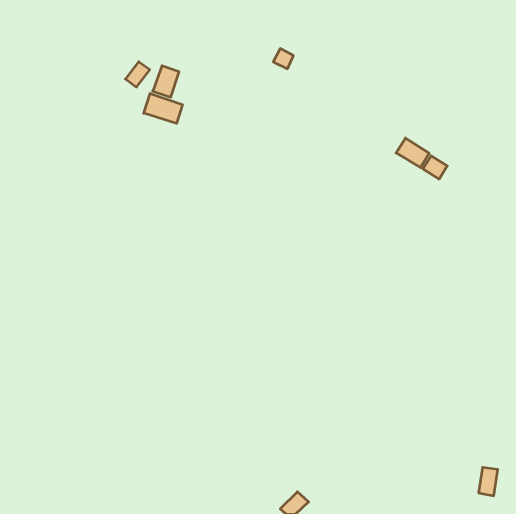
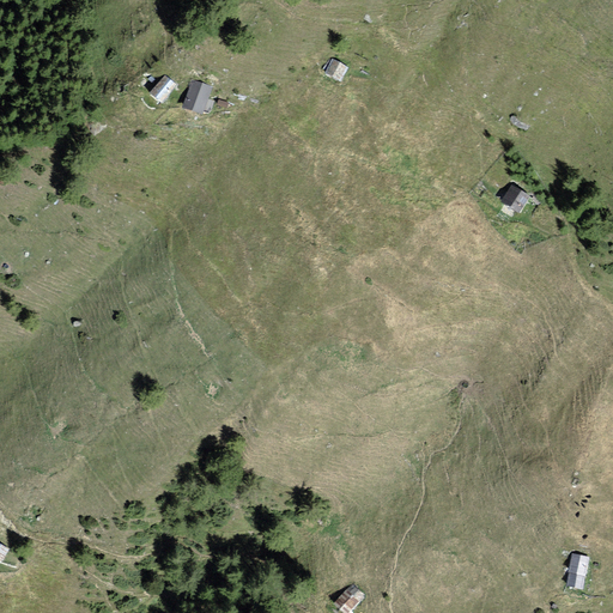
building: [144,93,182,123] -> none
building: [396,138,429,168] -> none

